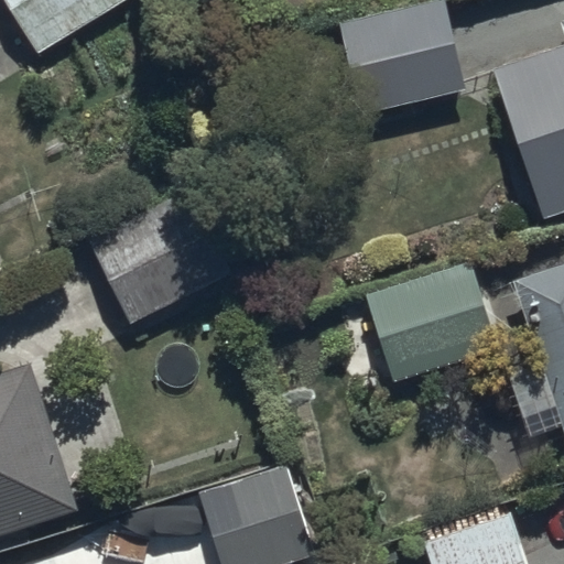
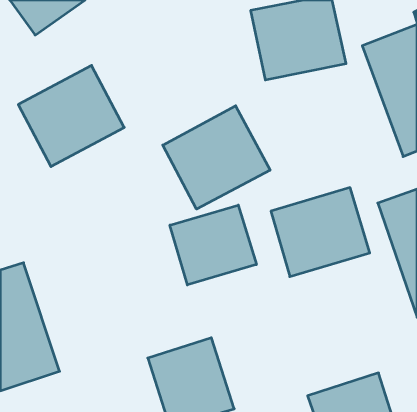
building: none -> [163,106,270,209]
building: [89,187,232,324] -> [18,65,124,167]
building: none -> [170,205,256,285]

